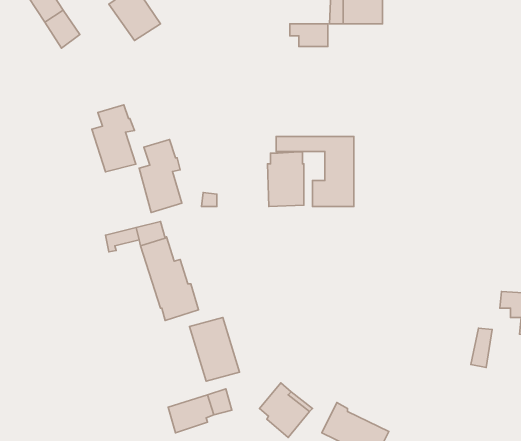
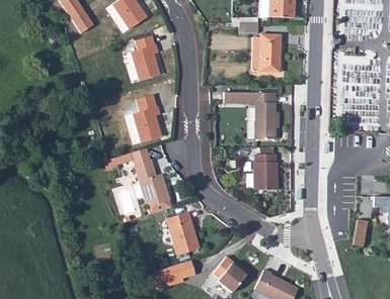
building: none -> [252,34,281,72]
building: [92,105,136,172] -> [131,35,160,80]
building: [267,152,304,207] -> [253,154,278,190]

